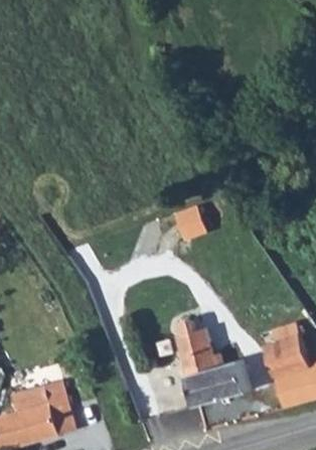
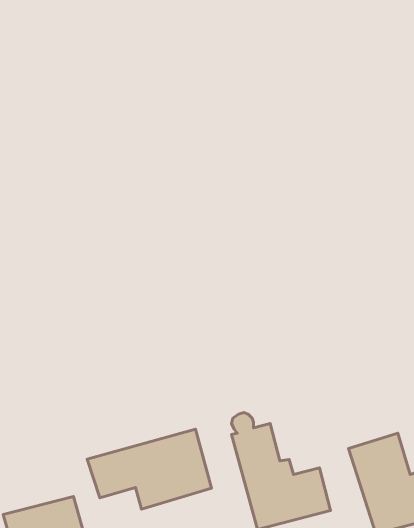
building: [174,205,206,241] -> none
building: none -> [87,429,211,509]

